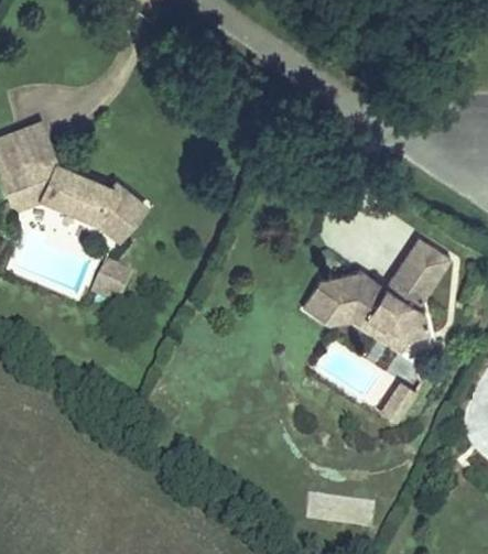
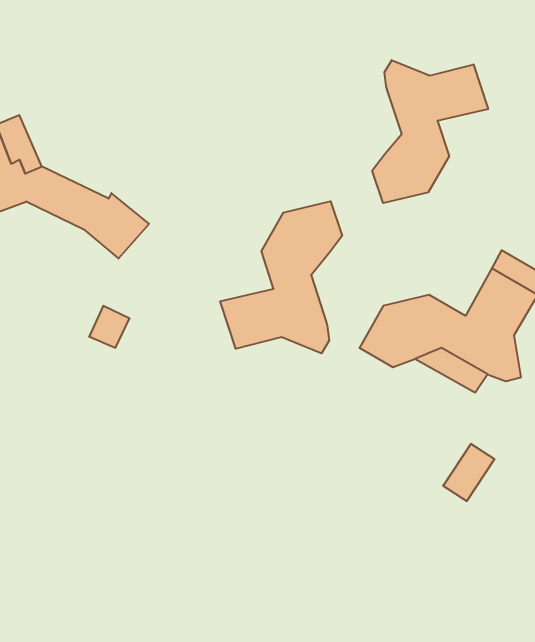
building: none -> [372,60,488,203]
building: none -> [220,201,342,353]

